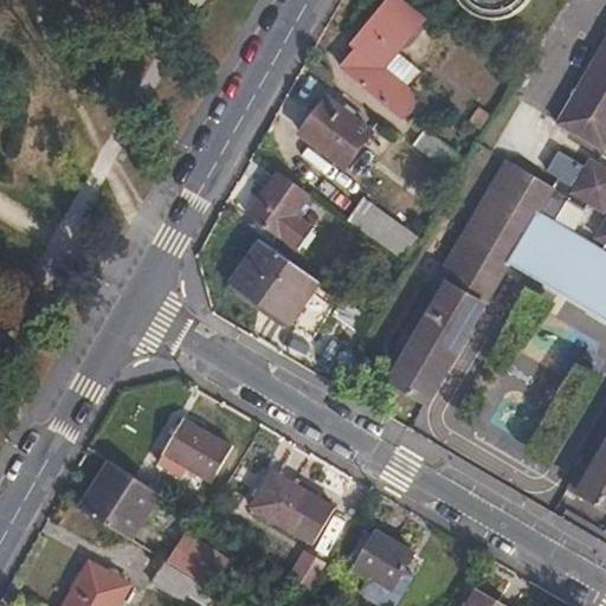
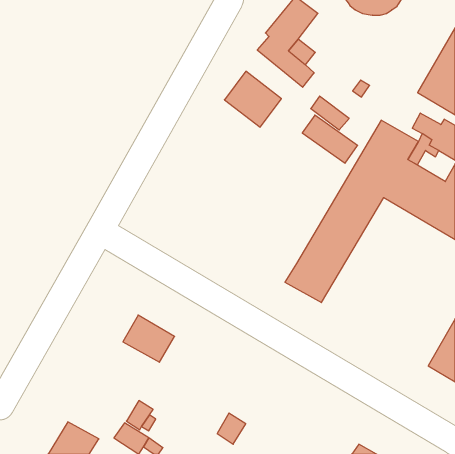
building: [246,170,314,250] -> none
building: [347,196,420,260] -> [302,115,358,163]
building: [231,240,320,324] -> none
building: [79,460,161,541] -> none
building: [249,469,336,544] -> none
building: [353,529,414,592] -> none

